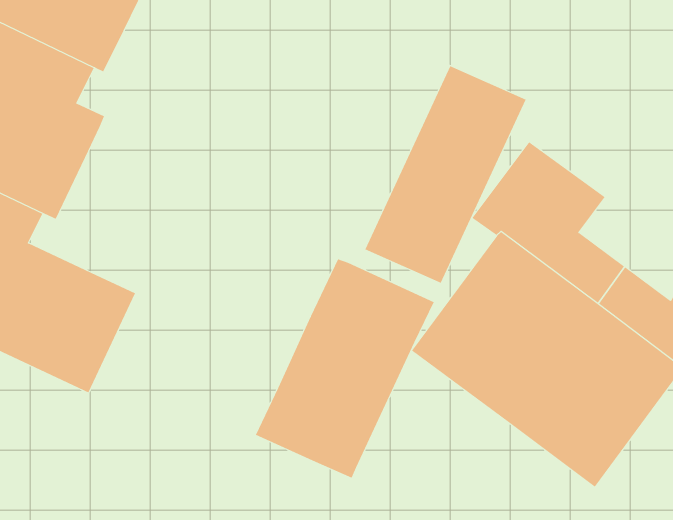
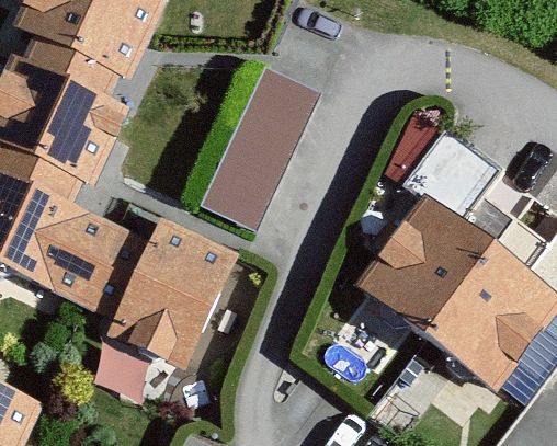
building: [365,66,527,283] -> [200,70,320,232]
building: [255,258,434,478] -> none
building: none -> [107,219,236,367]

